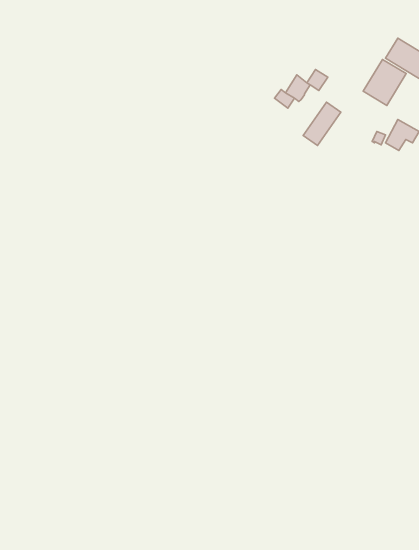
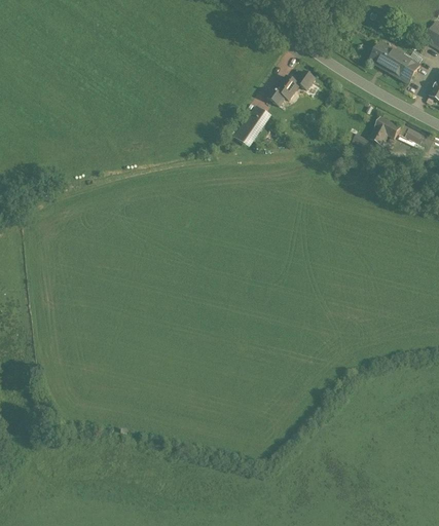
building: [363,59,406,105] -> none
building: [303,102,341,146] -> [235,106,270,146]

